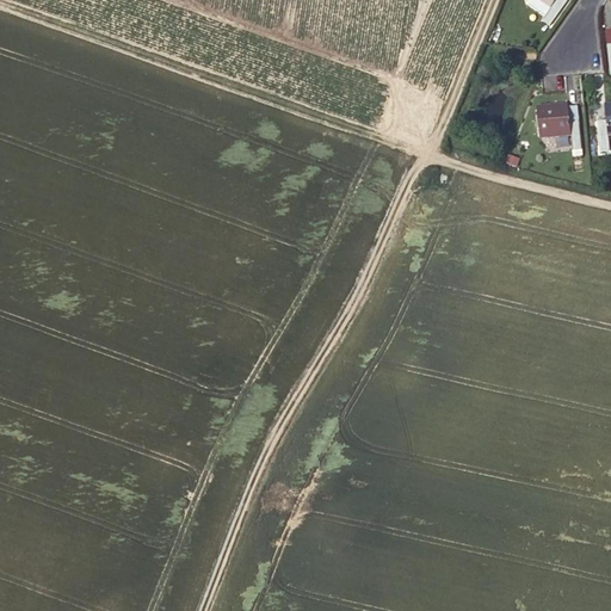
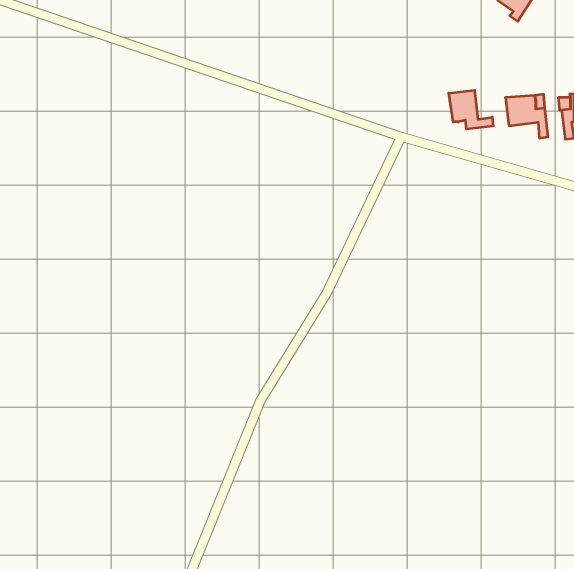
building: none -> [449,90,493,129]

